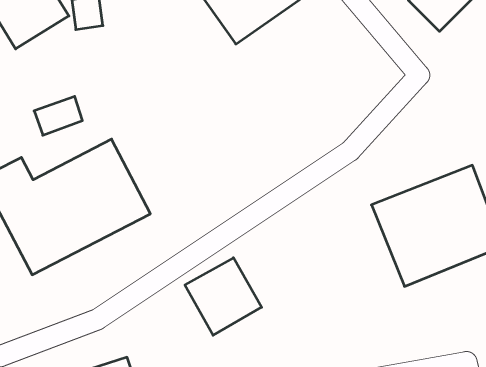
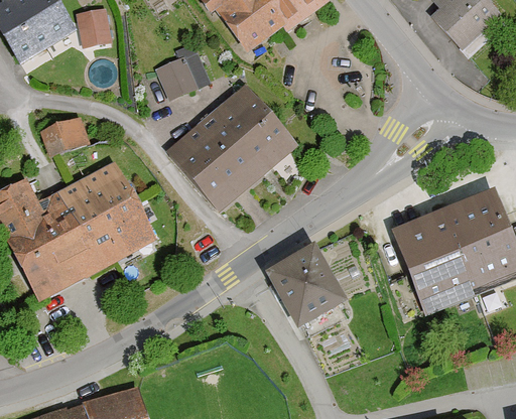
building: none -> [153,41,208,99]
building: none -> [167,84,297,213]
building: [185,258,262,335] -> [270,243,350,323]

